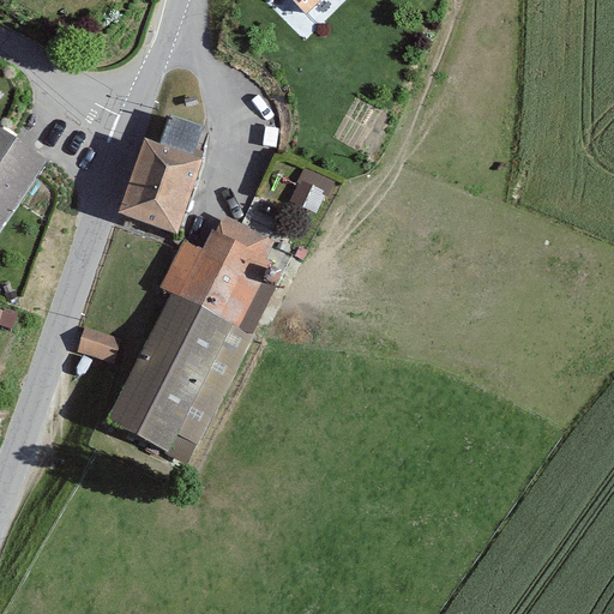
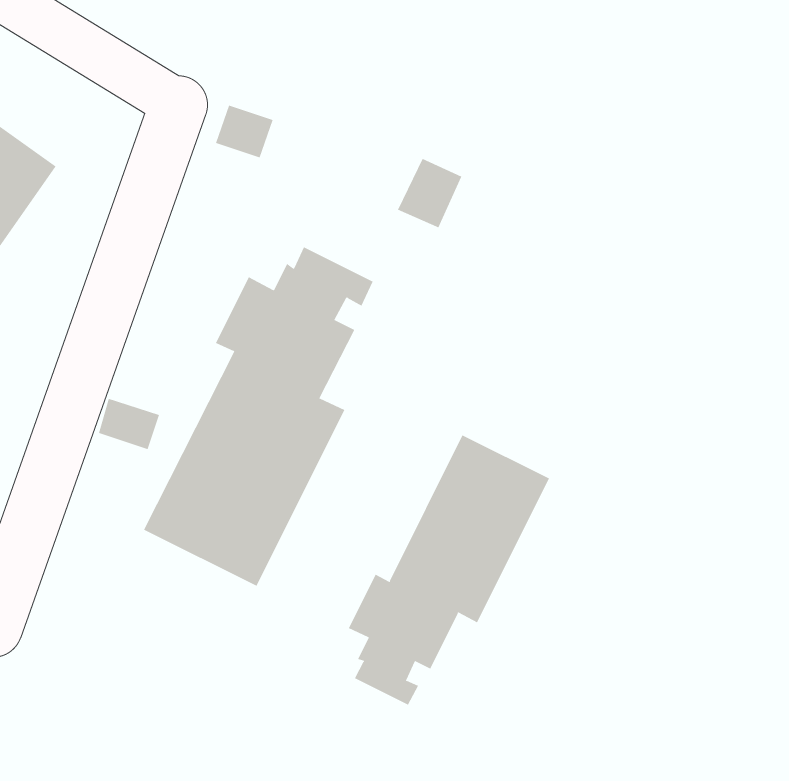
building: [120,142,203,234] -> none
building: none -> [348,434,550,706]

